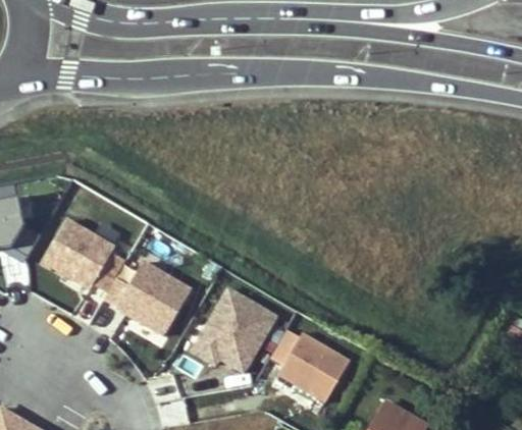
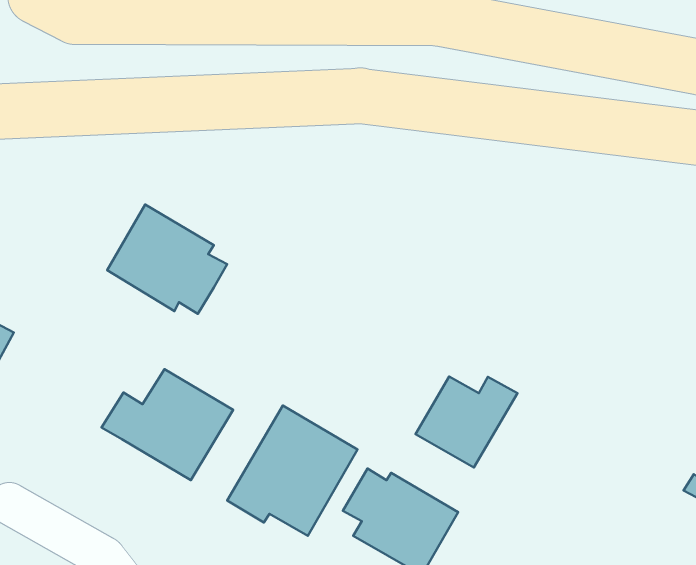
building: [42,217,125,293] -> [107,204,227,314]
building: none -> [416,377,518,468]

